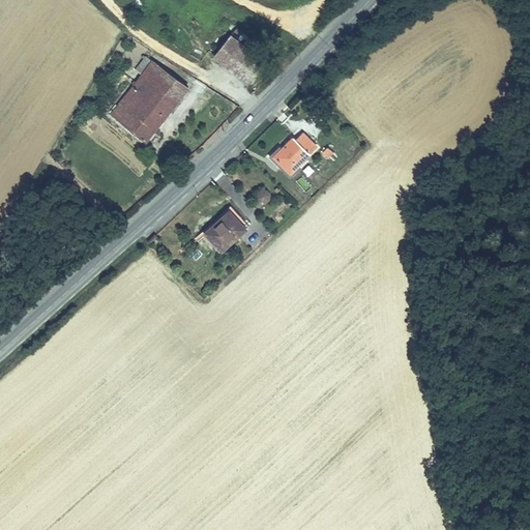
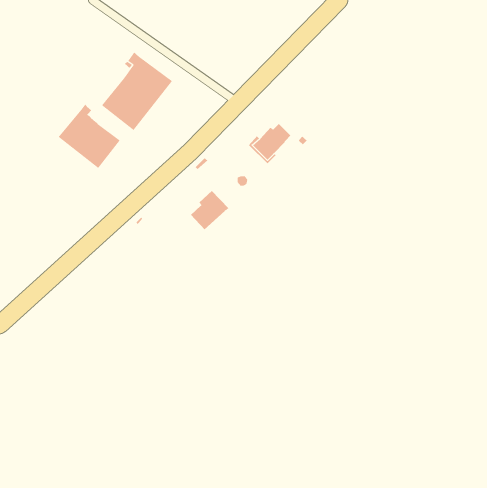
building: [213,35,264,83] -> none
building: none -> [58,104,121,169]

